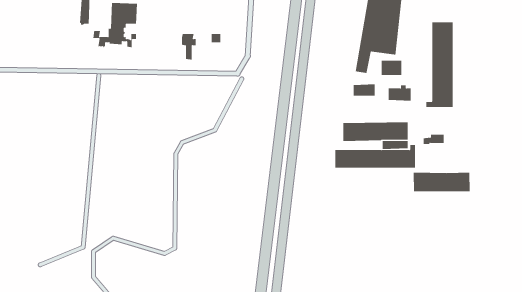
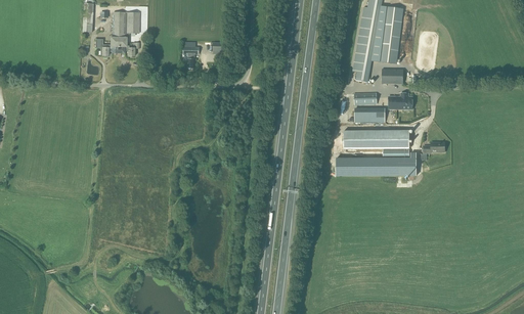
building: [426,22,453,108] -> none
building: none -> [353,106,384,121]
building: [413,172,470,192] -> none

